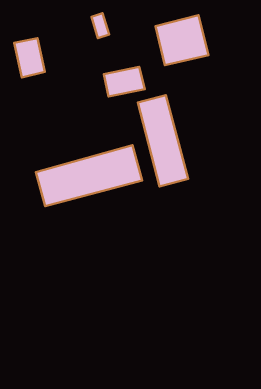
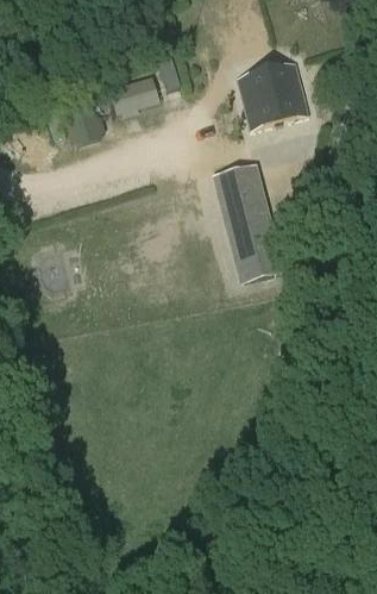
building: [104,67,145,97] -> [103,75,156,113]
building: [36,145,142,206] -> none

